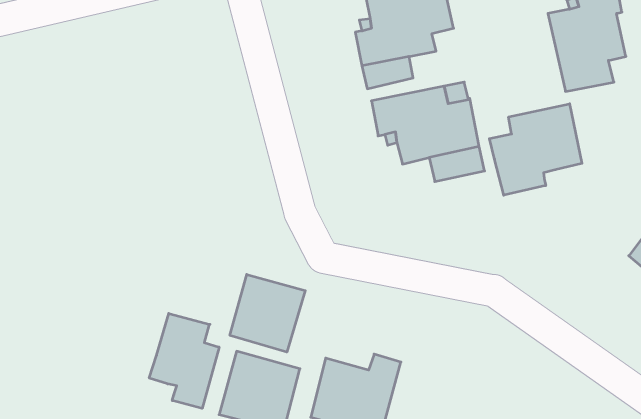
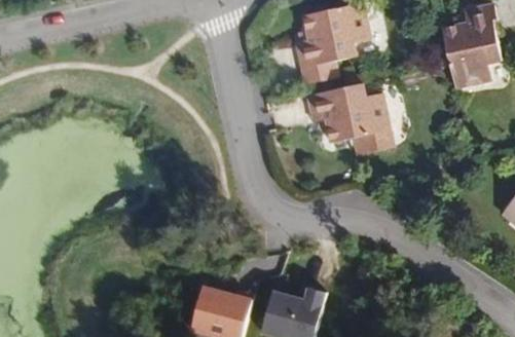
building: [489,104,582,195] -> none
building: [230,274,305,352] -> none
building: [149,313,219,408] -> none

